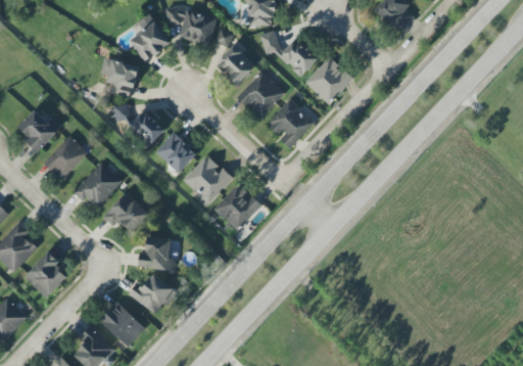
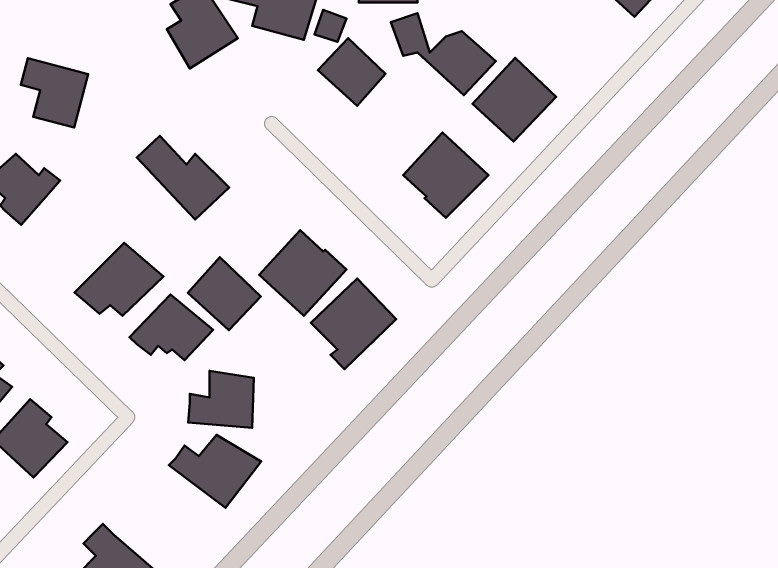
building: [99,57,138,97] -> [21,58,88,128]
building: [236,71,284,119] -> none
building: [154,131,196,173] -> [188,257,261,330]
building: [47,134,92,178] -> none
building: [108,299,151,344] -> none

